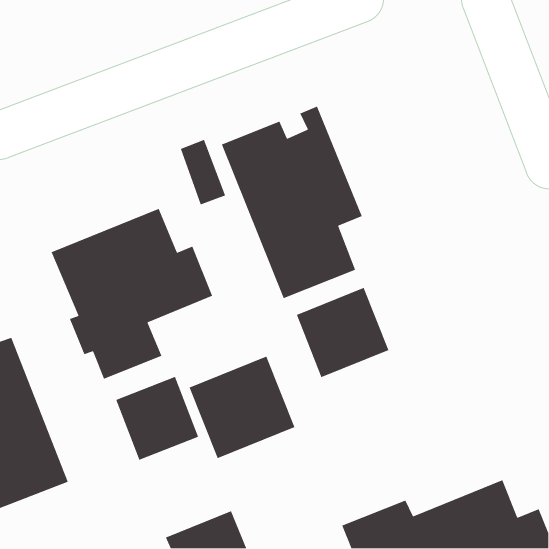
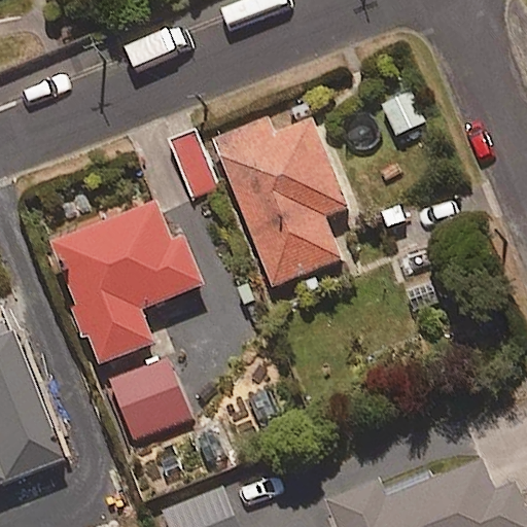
building: [296,287,389,378] -> none
building: [188,355,296,459] -> none

